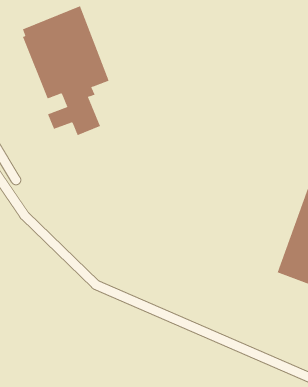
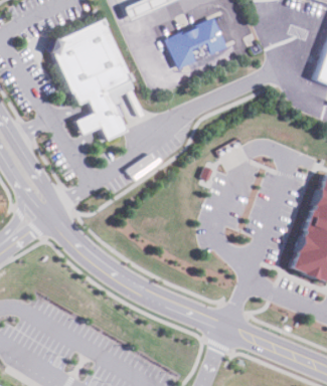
building: none -> [164,18,227,70]

